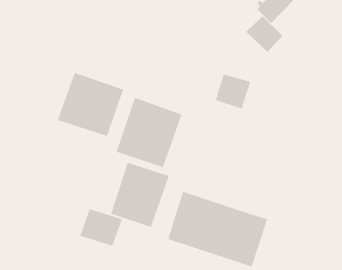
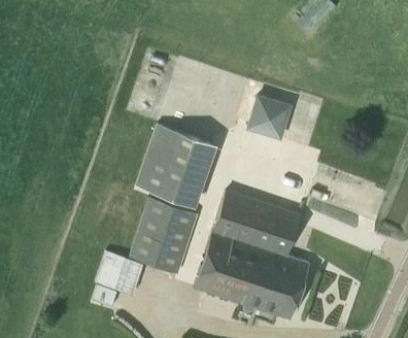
building: [246,15,283,53] -> none
building: [57,72,124,137] -> none
building: none -> [212,192,300,257]

